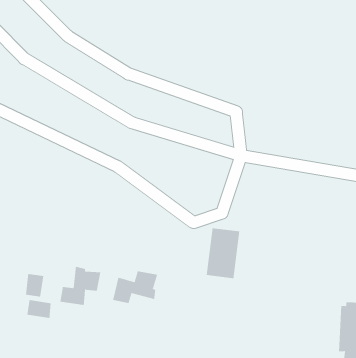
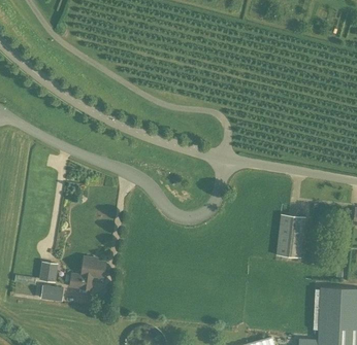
building: [206,228,240,279] -> [275,213,305,257]
building: [112,270,158,304] -> none

